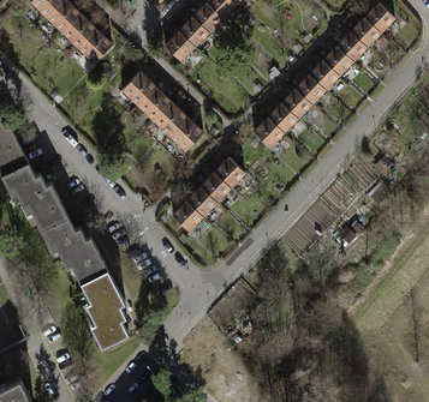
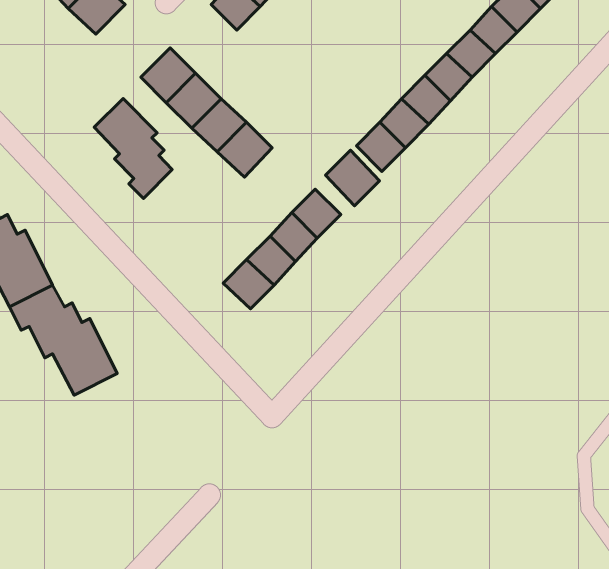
building: none -> [94,99,172,198]
building: none -> [325,150,379,206]
building: [81,270,127,347] -> none

